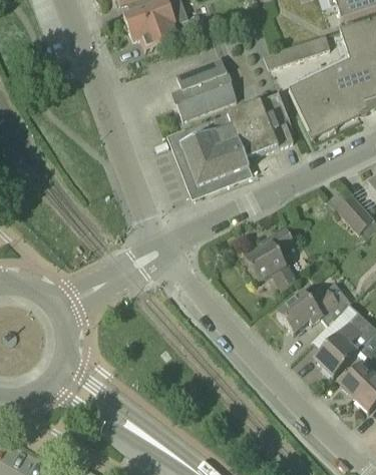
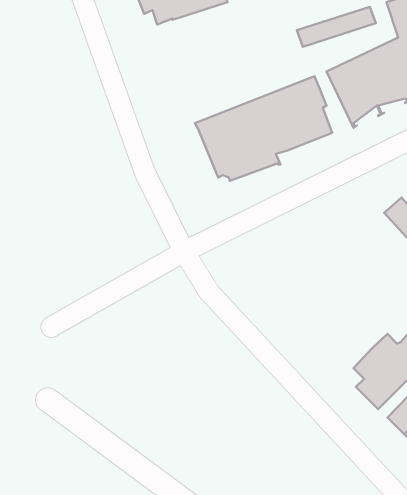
building: [175,58,237,119] -> none
building: [245,228,295,289] -> none
building: [276,282,350,334] -> none

